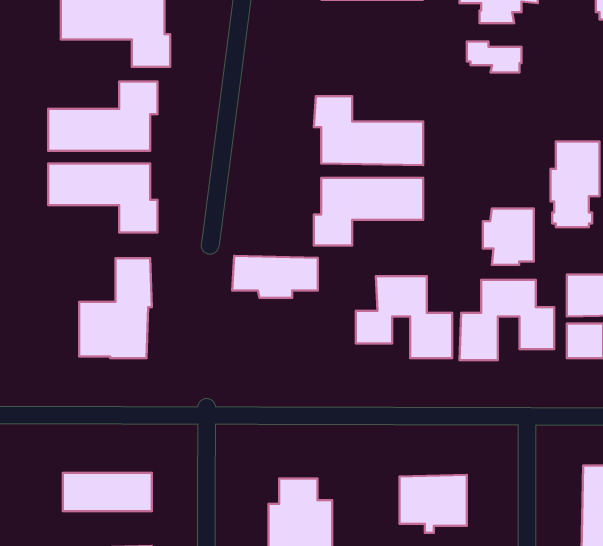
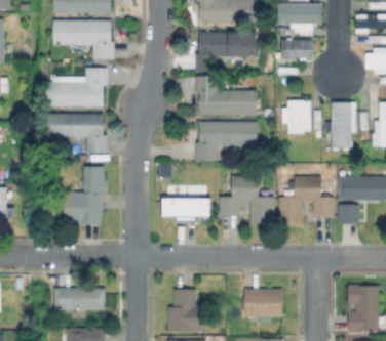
building: none -> [194,32,255,71]
building: [483,209,534,265] -> [282,100,311,132]
building: [232,256,318,298] -> [161,198,209,221]

